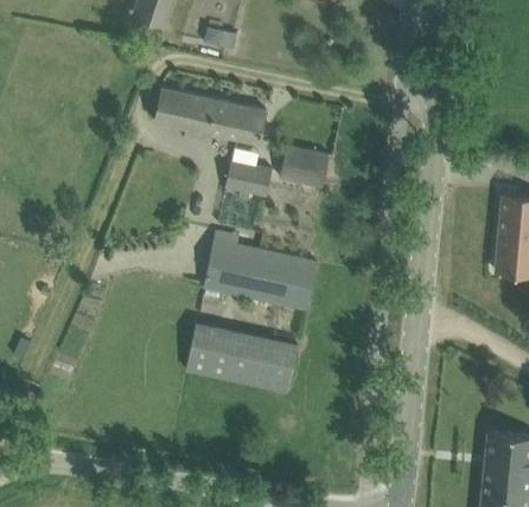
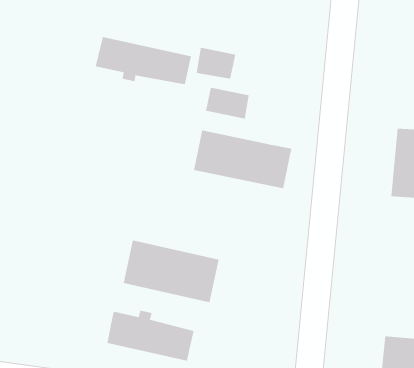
building: [225,159,272,195] -> [196,47,236,79]
building: [203,242,317,309] -> [193,130,292,189]
building: none -> [107,310,194,362]

